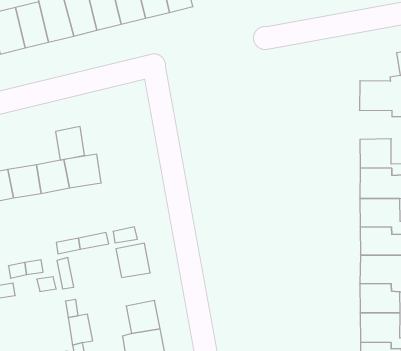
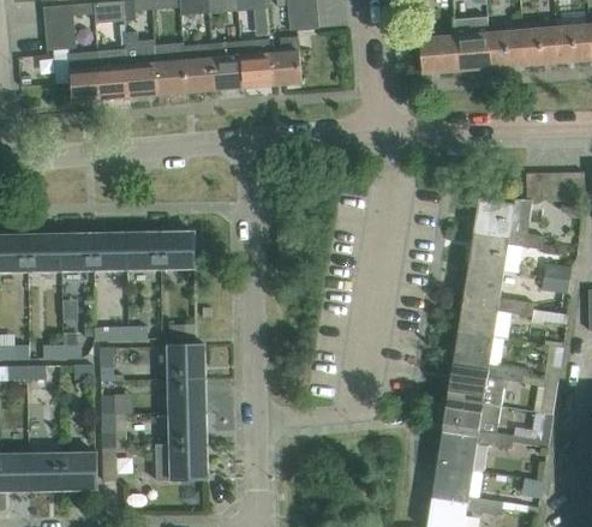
building: none -> [468,230,510,269]
building: [56,127,85,160] -> [165,232,193,267]
building: none -> [171,378,204,412]

